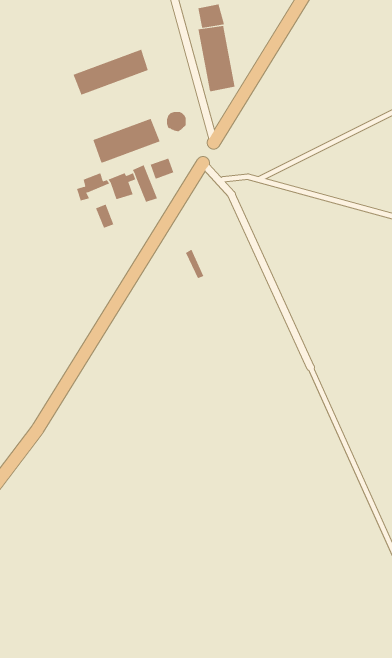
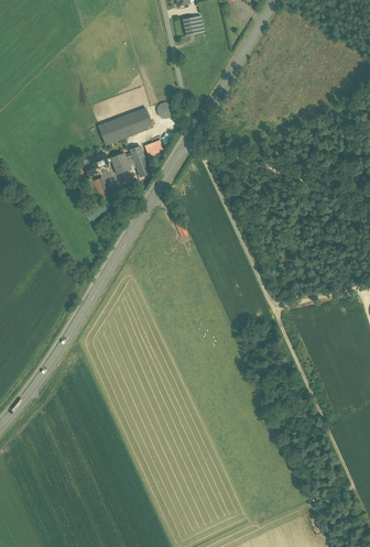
building: [198,25,235,92] -> none
building: [73,49,148,95] -> none

